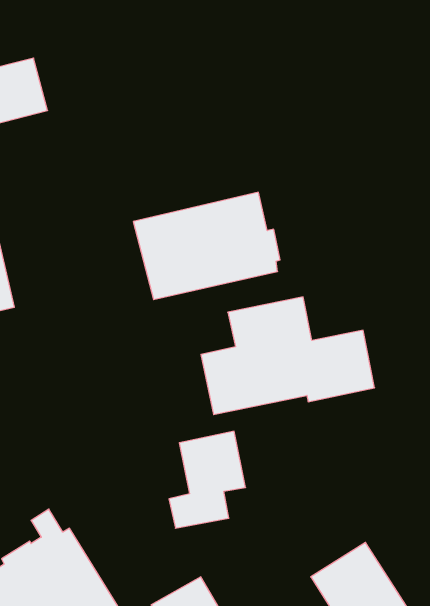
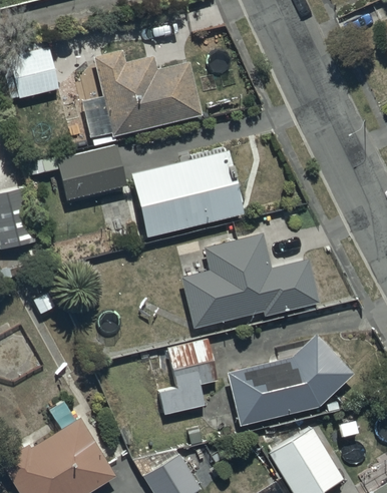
building: none -> [80,50,203,138]
building: none -> [54,143,128,200]
building: none -> [225,334,352,427]

